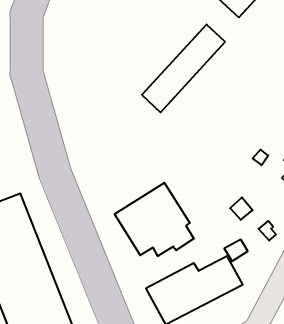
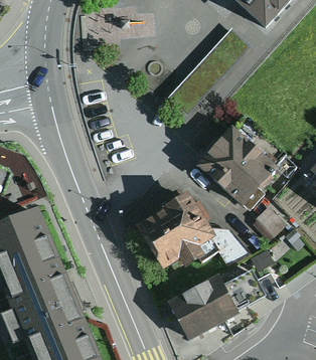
building: none -> [197,124,278,209]
building: none -> [210,228,250,266]

